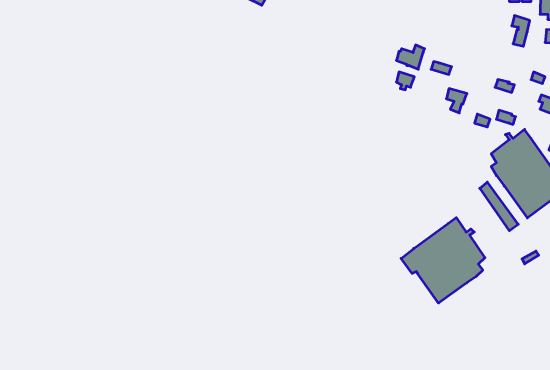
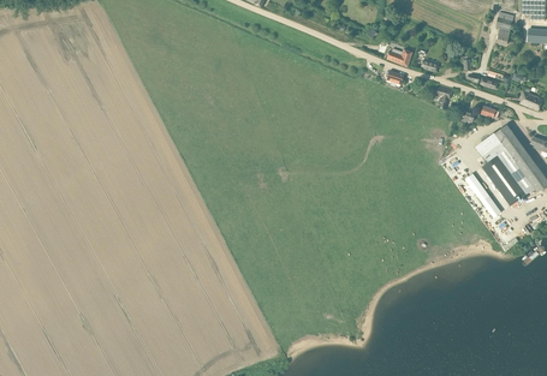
building: [401,218,485,303] -> none

